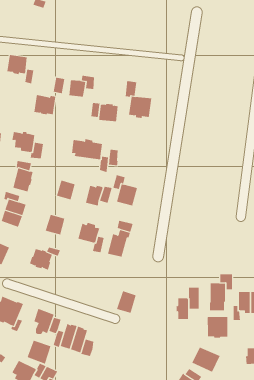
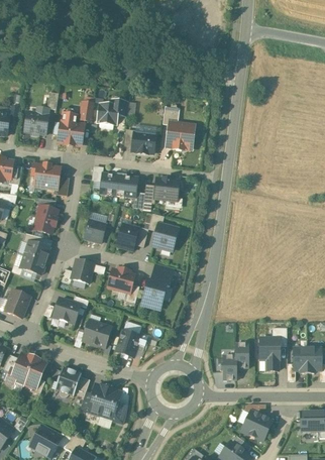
building: [6,55,28,75] -> [23,112,47,135]
building: none -> [153,179,178,199]
building: none -> [81,320,110,348]
building: [116,291,136,313] -> [115,331,138,357]
building: [207,316,228,339] -> none
building: [27,340,51,364] -> none

